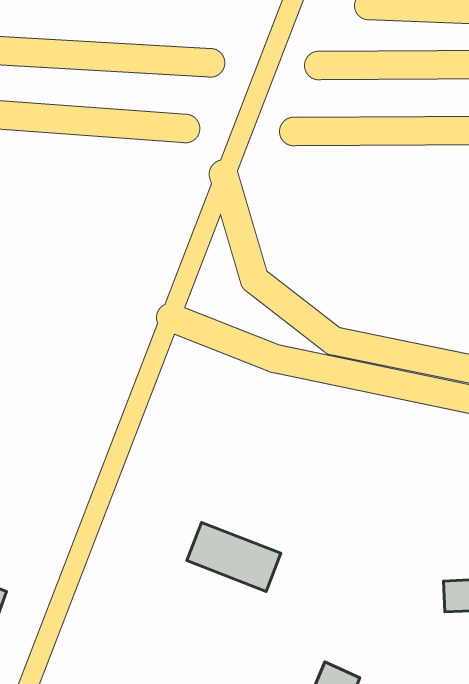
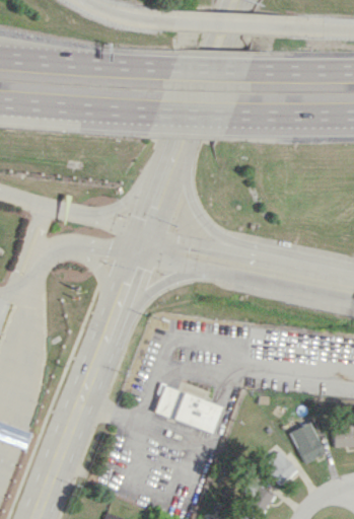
building: none -> [291,423,324,463]
building: none -> [268,451,298,486]

